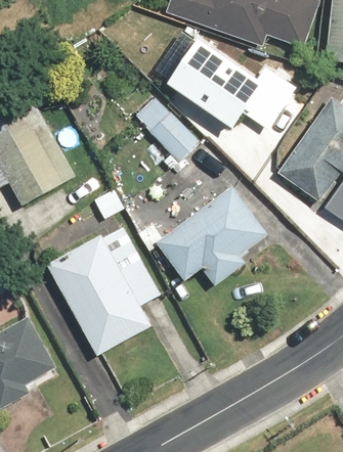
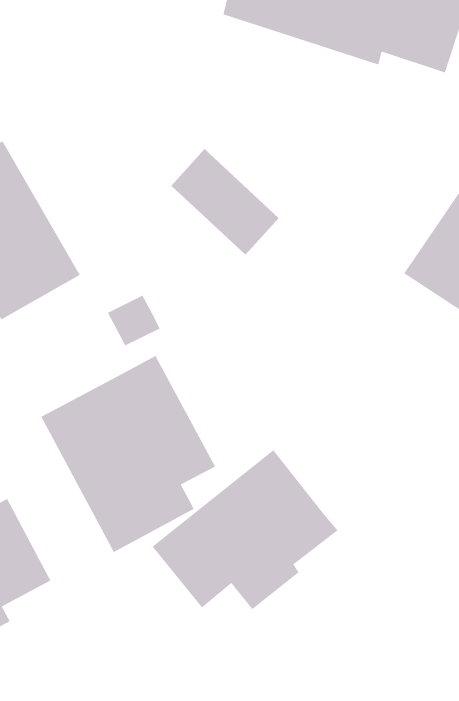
building: [161,34,289,124] -> none
building: [153,182,270,283] -> [151,449,339,610]

